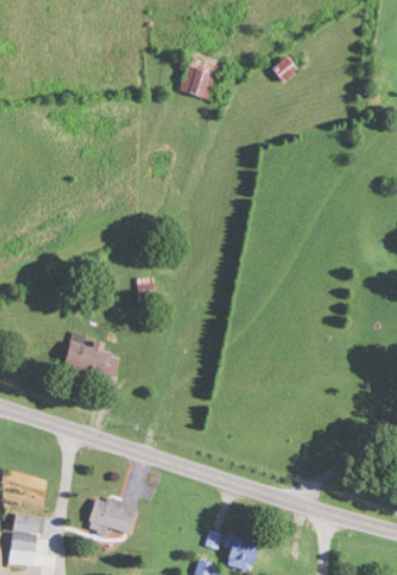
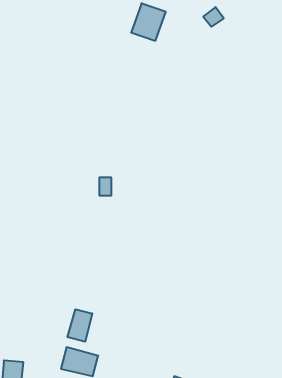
building: [62,331,120,382] -> none
building: none -> [68,309,92,342]

